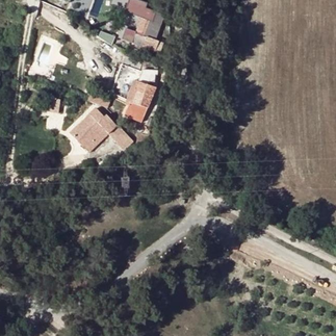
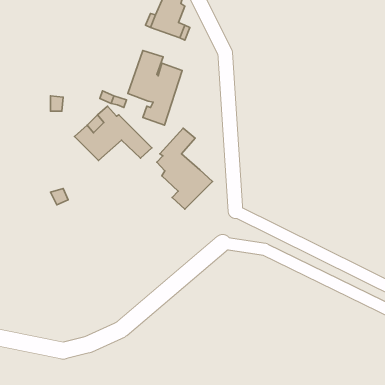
building: none -> [157,128,213,209]

